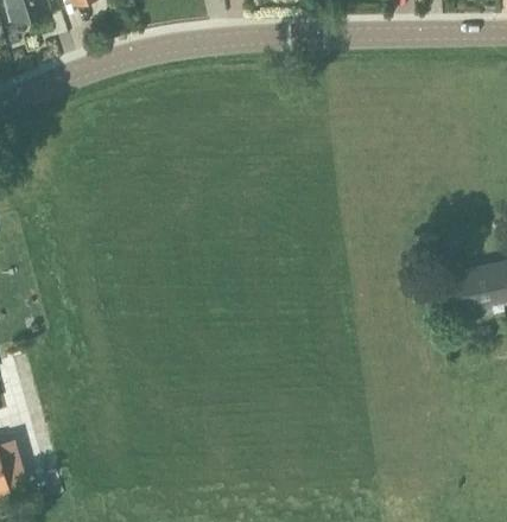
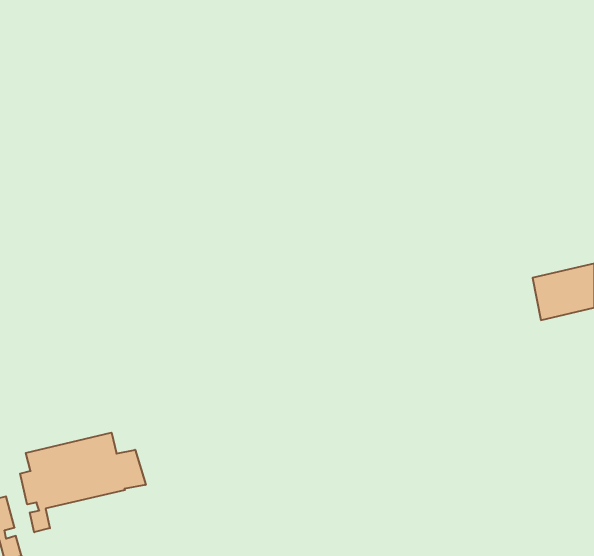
building: none -> [20,433,146,532]

